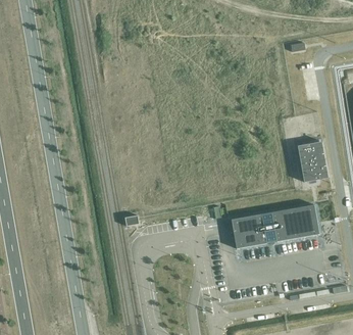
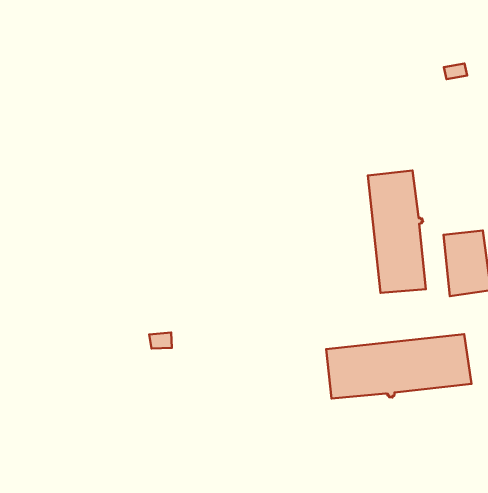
building: none -> [368,171,426,293]

